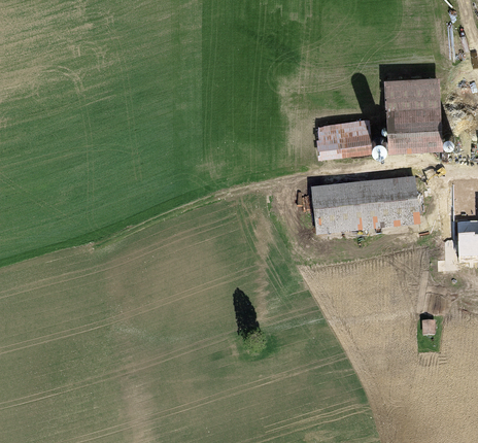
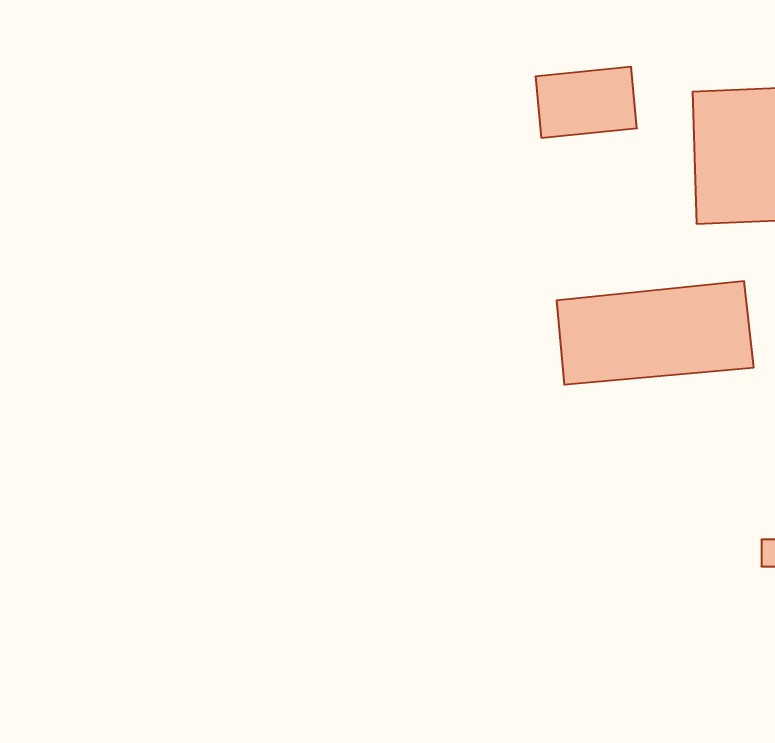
building: [317,118,372,157] -> [535,67,637,138]

